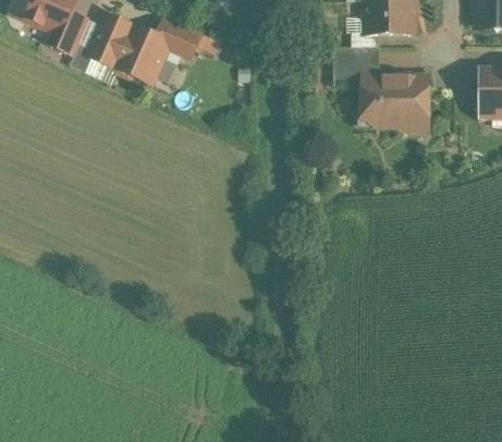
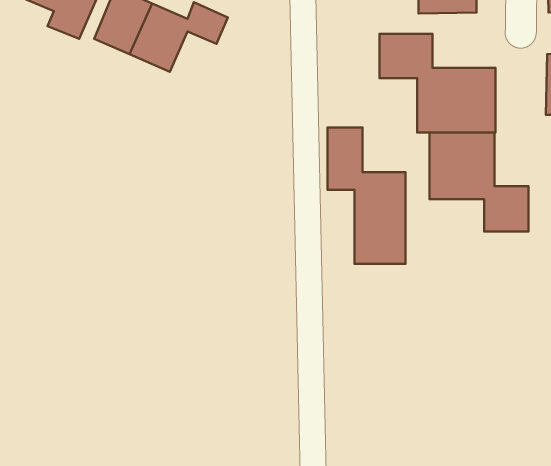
building: none -> [328,128,405,264]
building: none -> [430,132,529,231]

